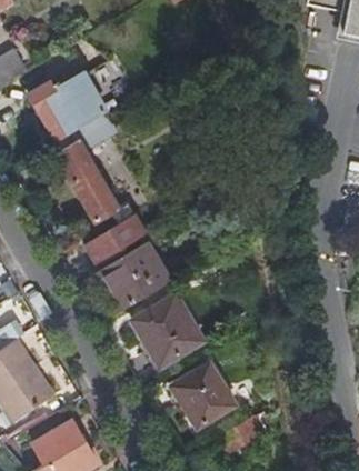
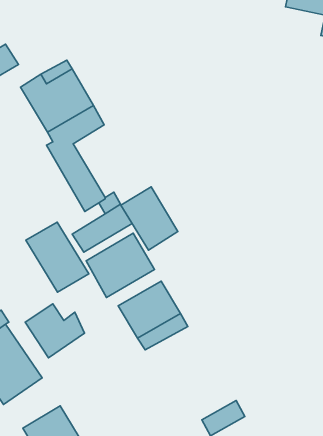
building: none -> [121,187,178,250]
building: none -> [26,222,89,292]
building: none -> [25,304,84,358]
building: [171,362,237,429] -> none

